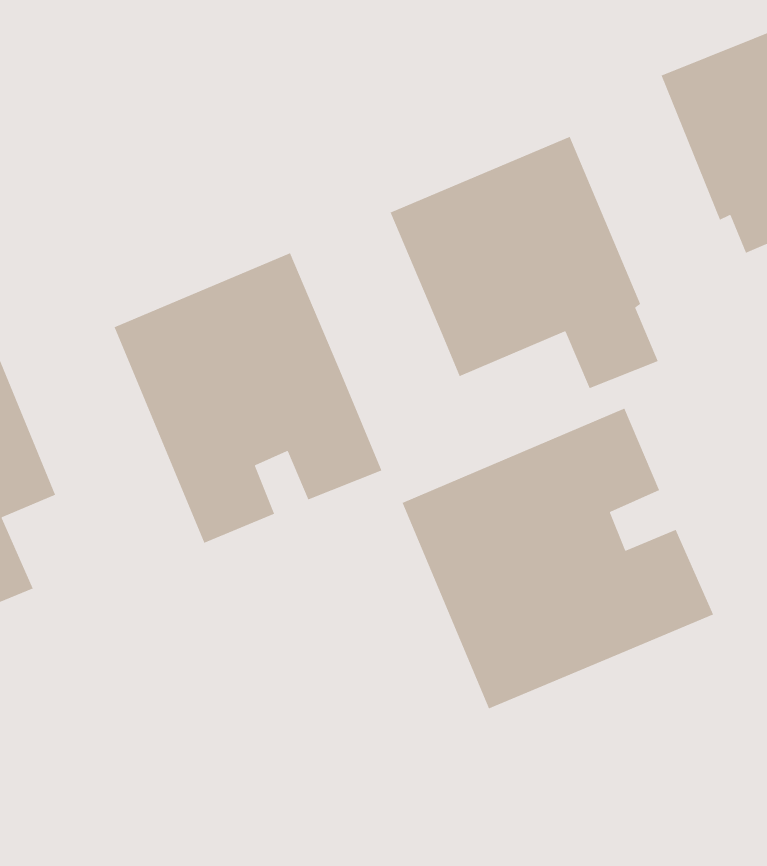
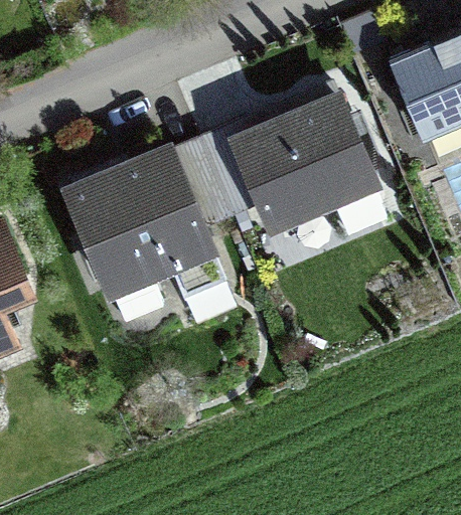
building: none -> [172,131,260,225]
building: [402,408,714,709] -> none

